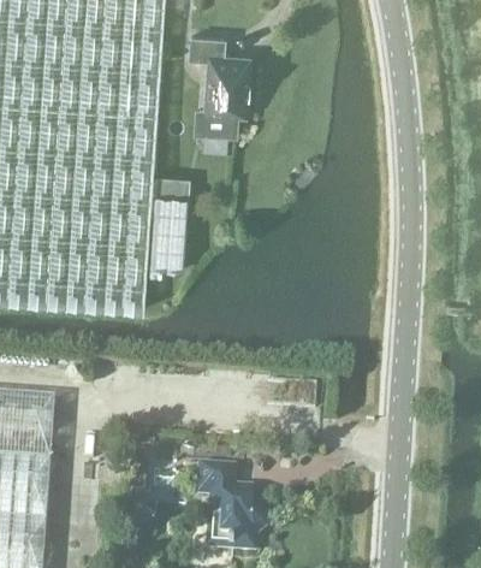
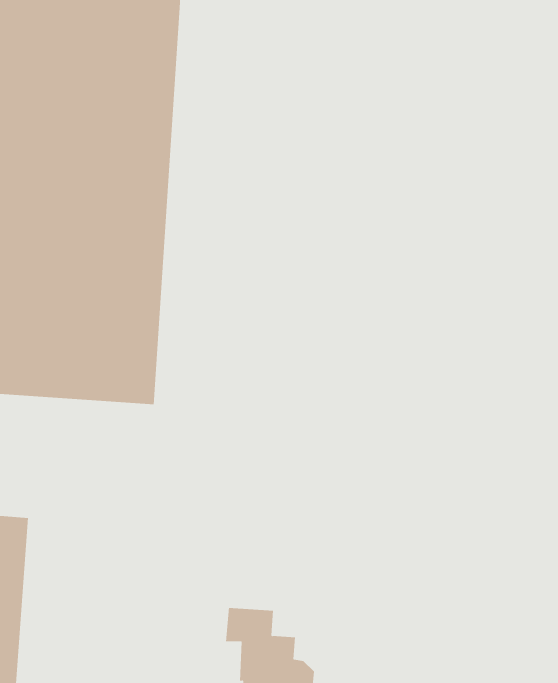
building: [190,36,250,138] -> none
building: [150,195,188,277] -> none

